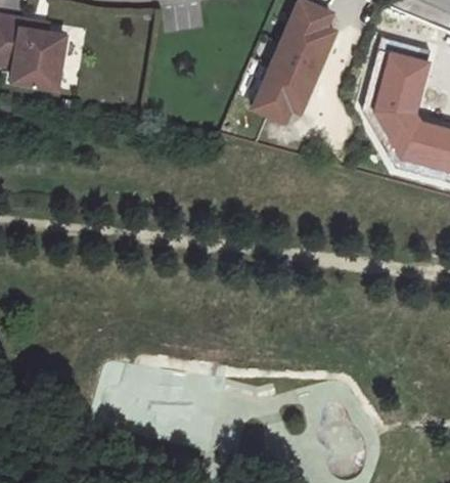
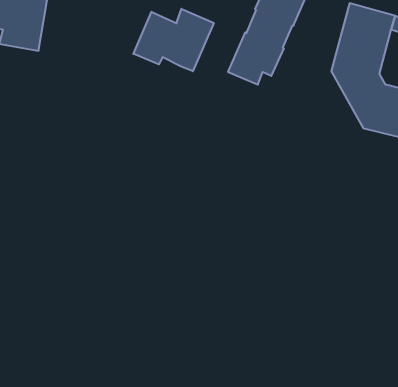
building: none -> [133,9,214,71]

